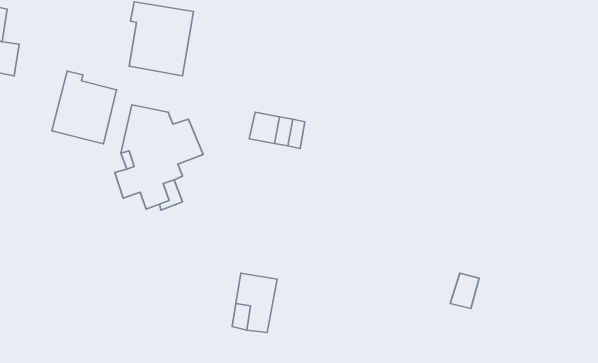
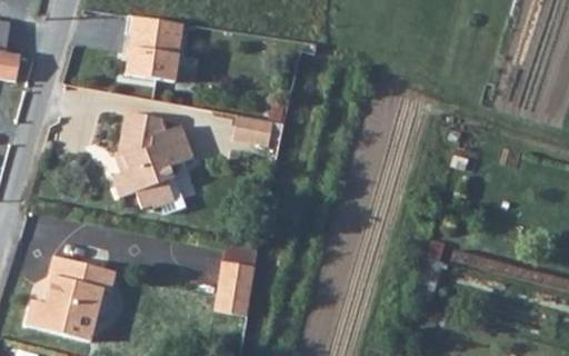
building: [52,71,117,144] -> none
building: none -> [27,253,118,339]

